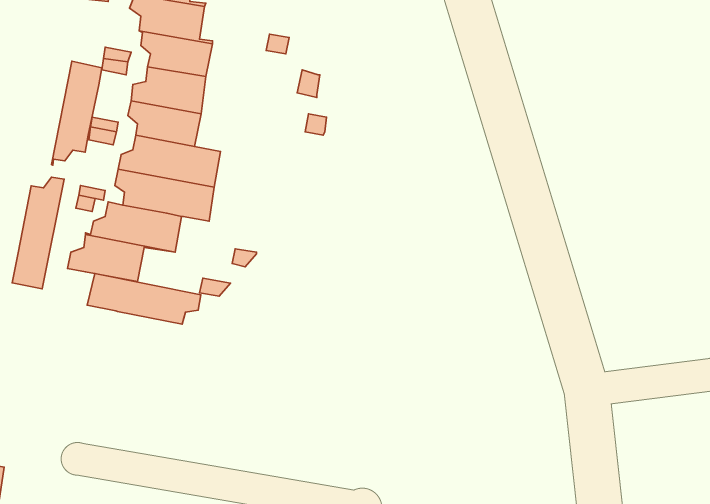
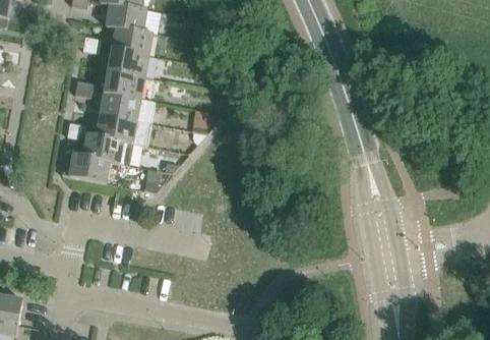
building: [52,61,102,165] -> none
building: [12,177,64,289] -> none
building: [87,274,201,324] -> none

